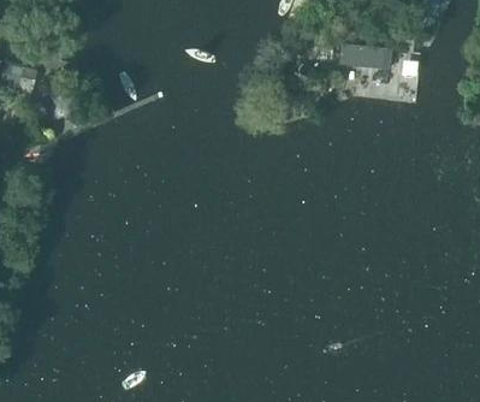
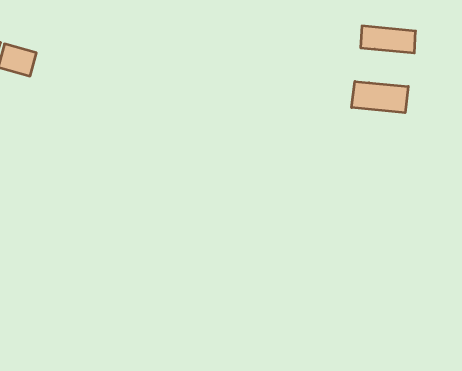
building: none -> [352,81,408,113]

